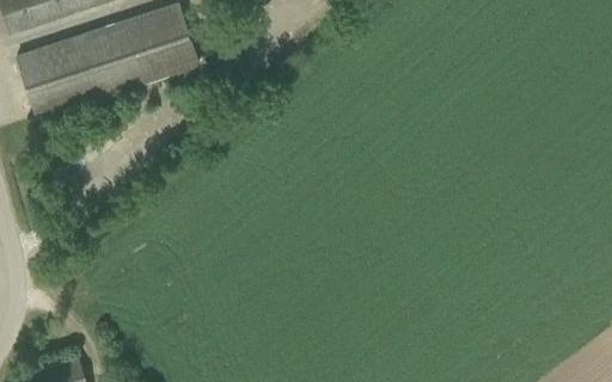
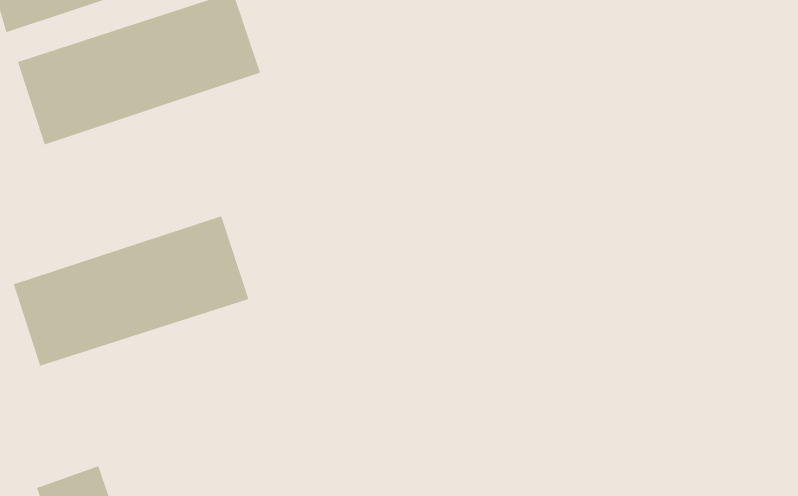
building: none -> [13,216,249,367]

